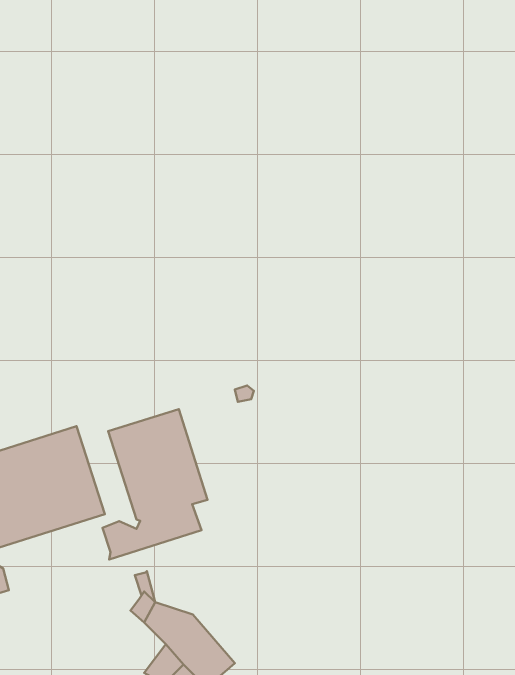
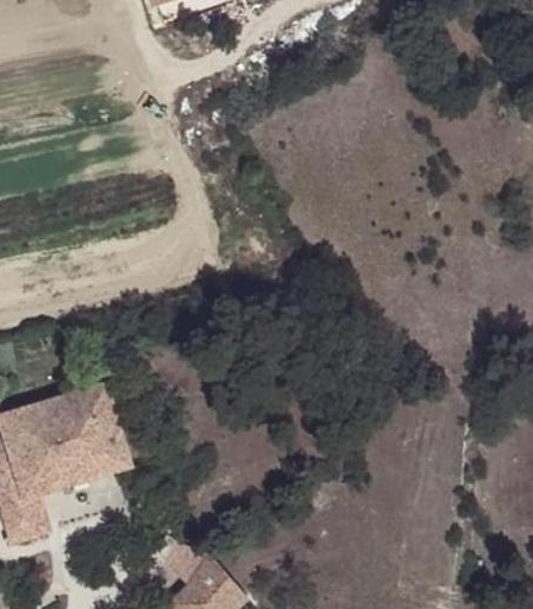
building: [102,409,208,559] -> none

